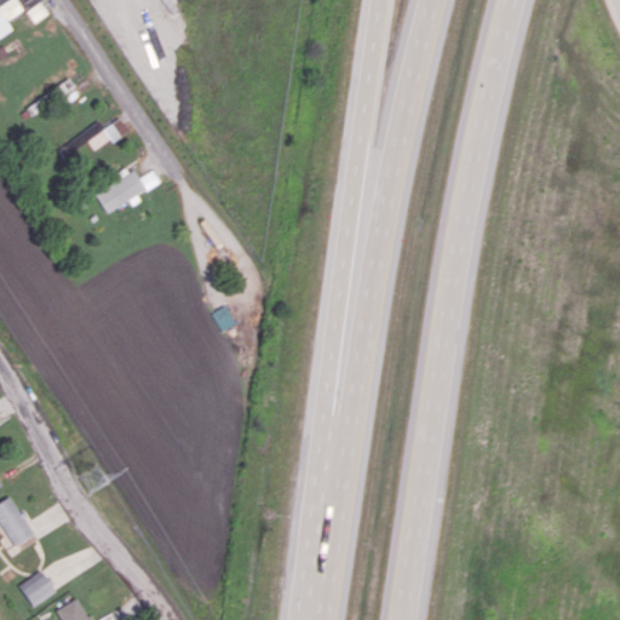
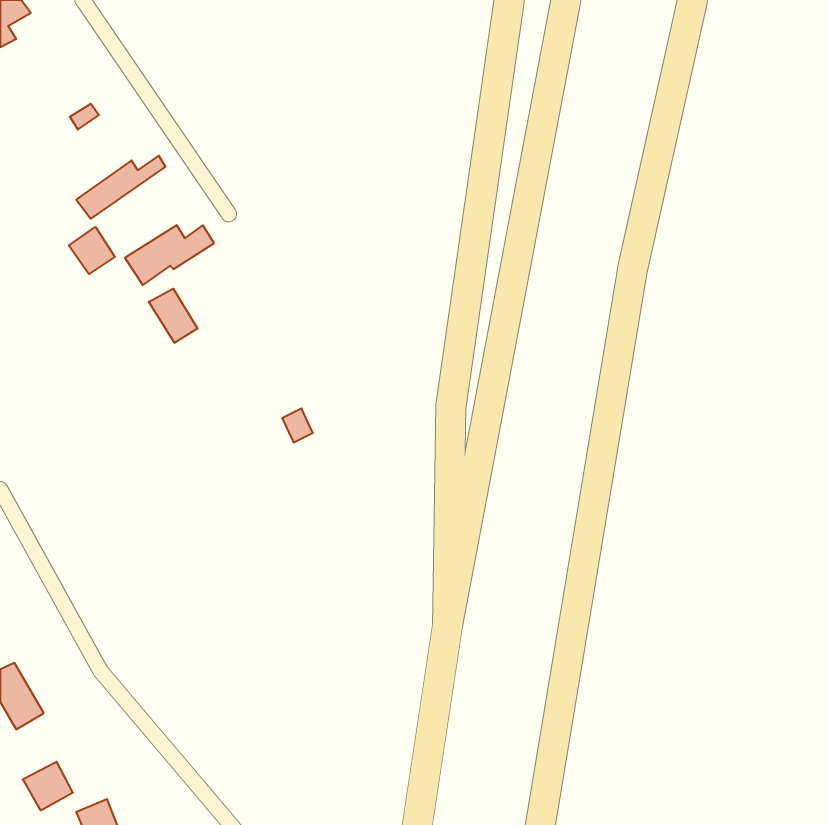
building: none -> [69,227,115,274]
building: none -> [149,289,198,343]

